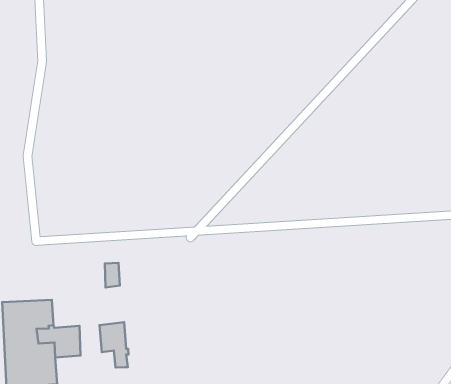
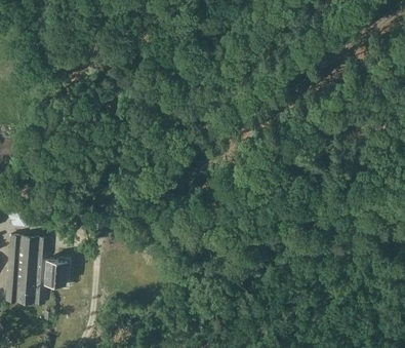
building: [100,322,129,367] -> none

